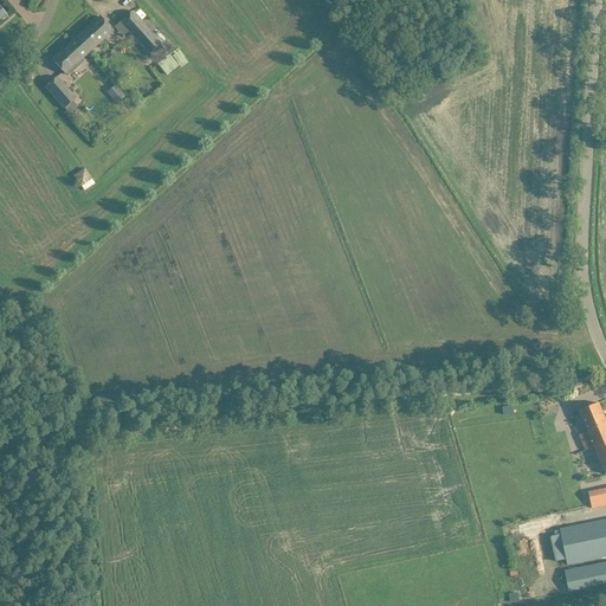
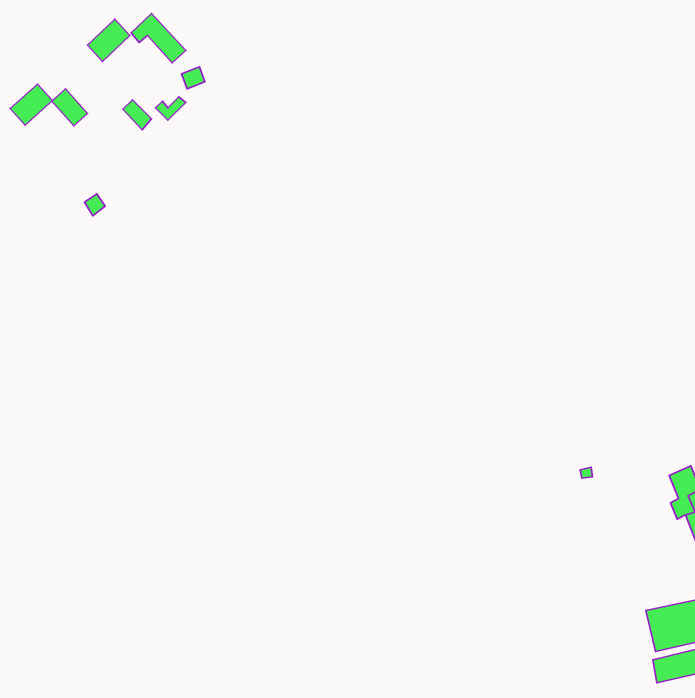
building: [54,39,91,75] -> [10,84,53,125]

